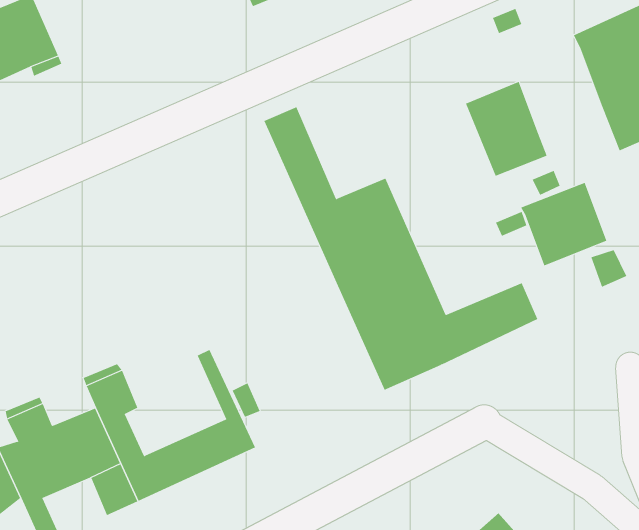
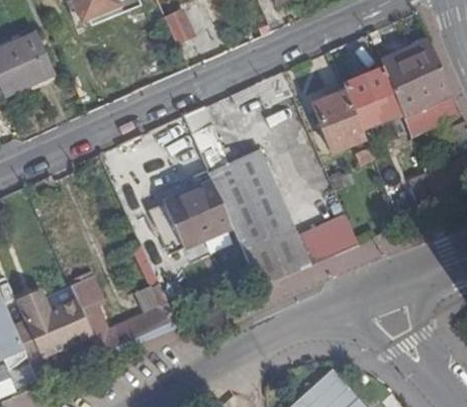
building: [520,182,607,266] -> [343,69,398,122]
building: none -> [153,181,232,247]

